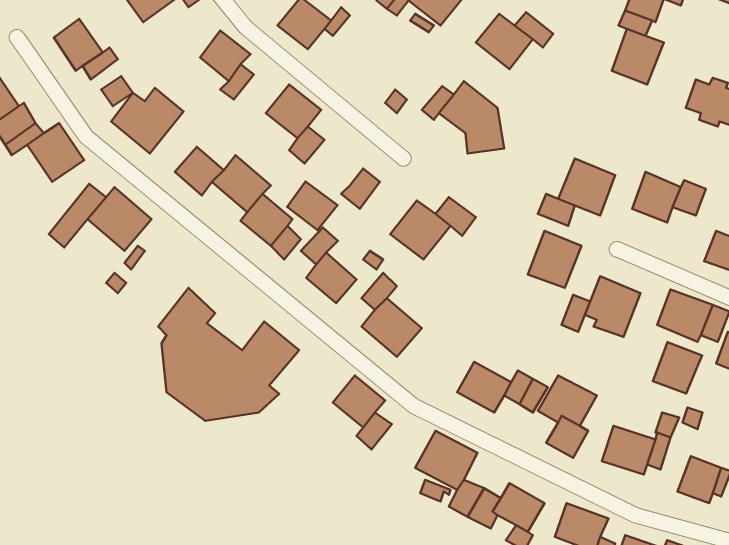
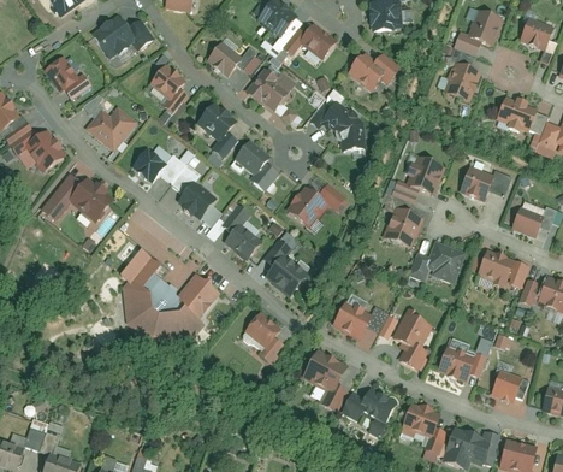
building: none -> [247,67,291,111]
building: [287,181,338,230] -> [235,140,271,175]
building: [653,342,702,393] -> none

